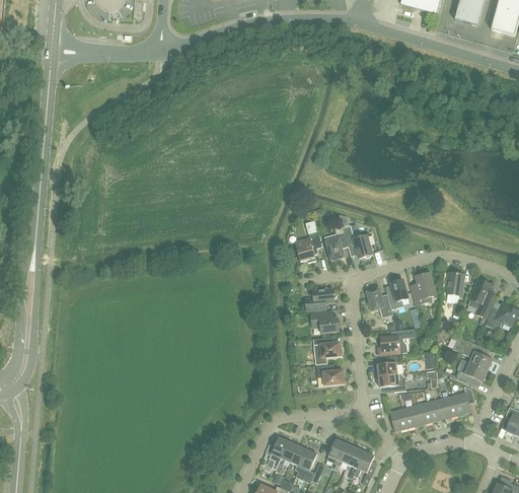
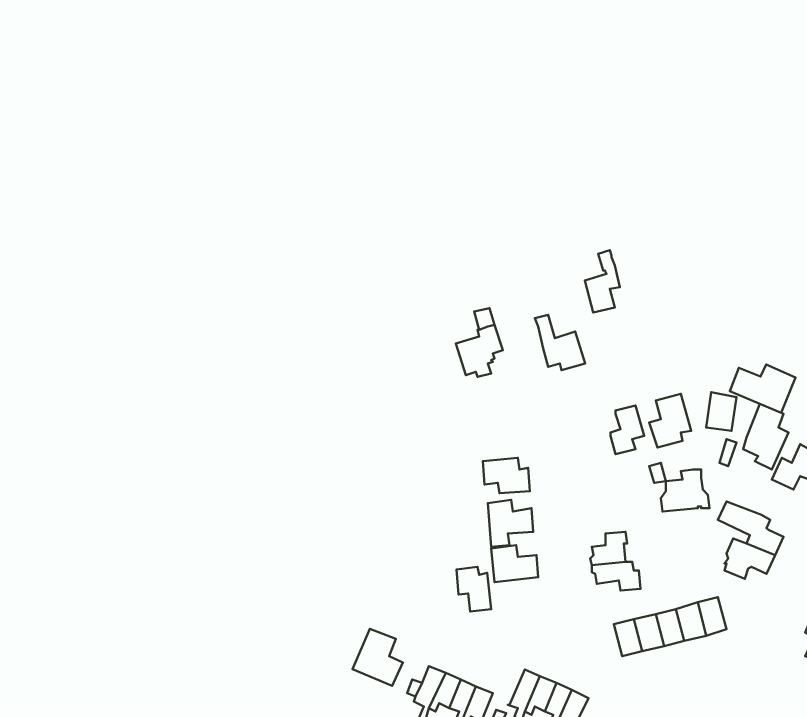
building: [325,222,347,260] -> [585,250,620,313]
building: none -> [730,364,795,413]
building: [305,285,337,310] -> none
building: [366,287,392,316] -> none
building: [377,329,406,354] -> [661,469,710,511]
building: none -> [457,567,491,612]
building: [452,385,474,414] -> none
building: none -> [353,629,403,686]

